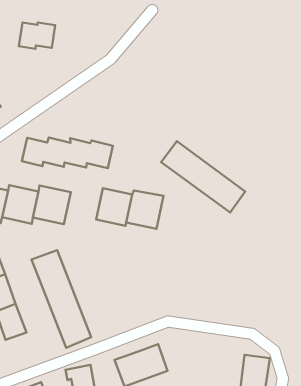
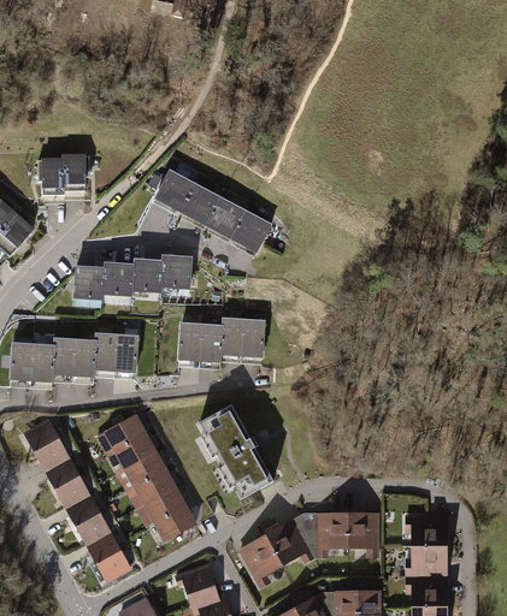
building: [19,22,55,49] -> [36,156,81,192]
building: [161,141,245,213] -> [148,172,267,256]
building: none -> [206,402,281,494]
building: none -> [84,529,132,582]
building: none -> [316,510,376,549]

